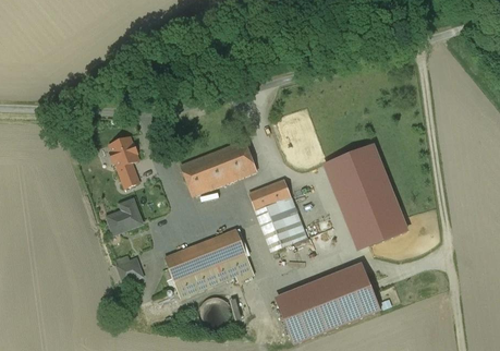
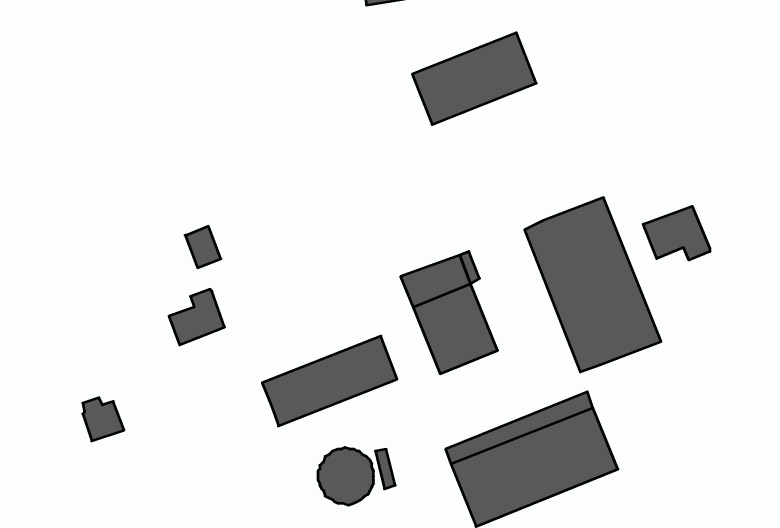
building: [110,136,138,167] -> none
building: [181,140,256,195] -> [412,33,536,125]
building: none -> [643,206,710,260]
building: [174,254,254,296] -> none
building: [118,255,143,281] -> [83,398,124,441]

